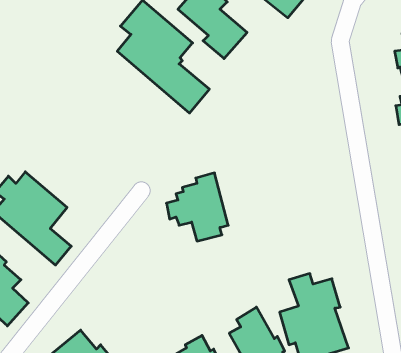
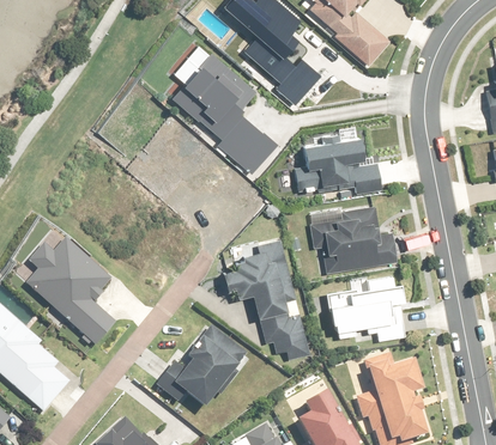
building: none -> [294,134,382,193]
building: none -> [310,205,398,274]
building: none -> [331,279,405,341]
building: none -> [260,312,311,360]
building: none -> [157,325,247,408]

